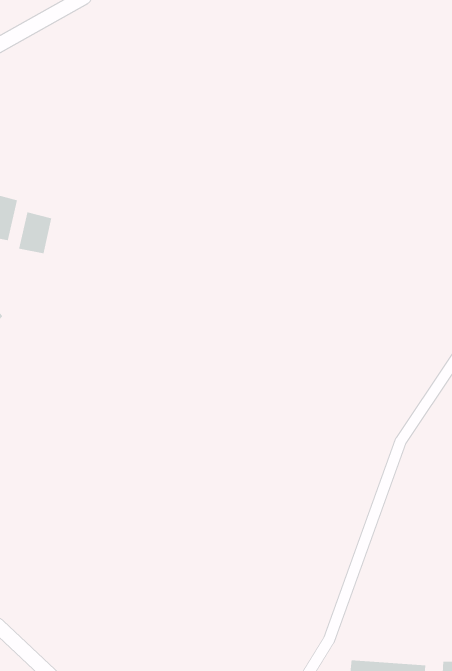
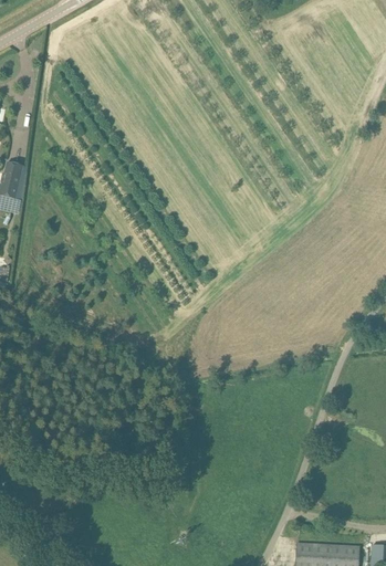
building: [19,212,52,254] -> none

